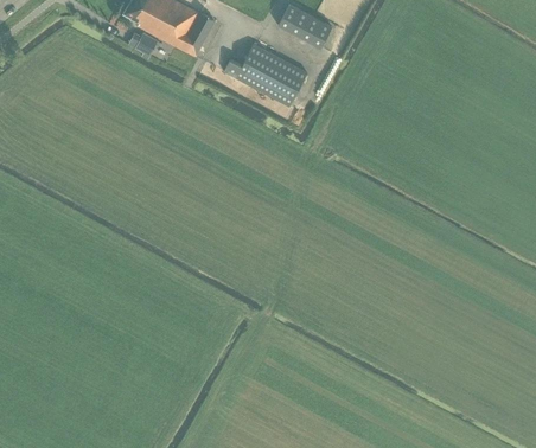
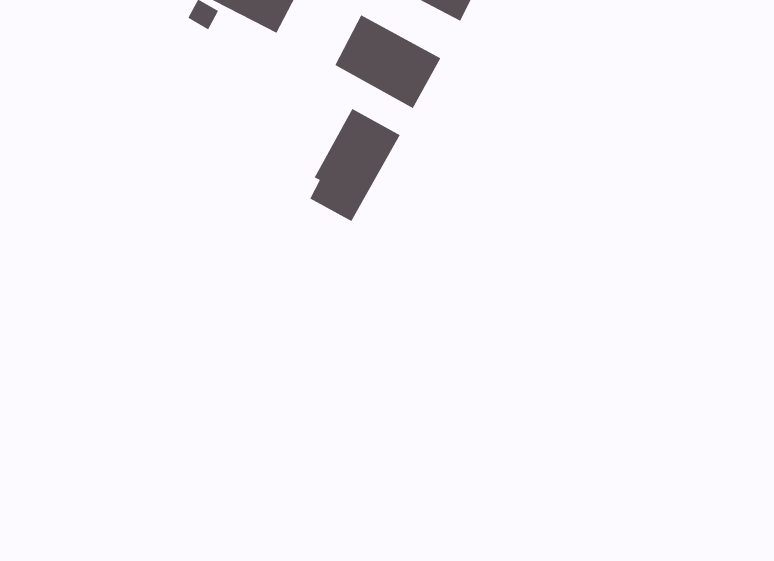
building: none -> [309,108,401,222]

